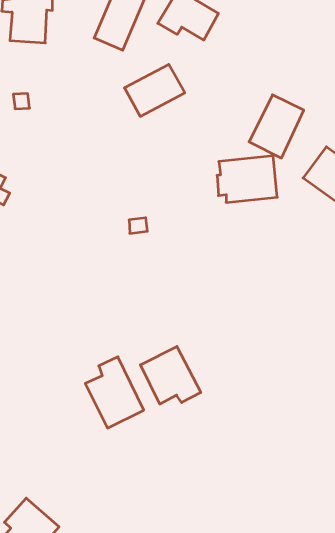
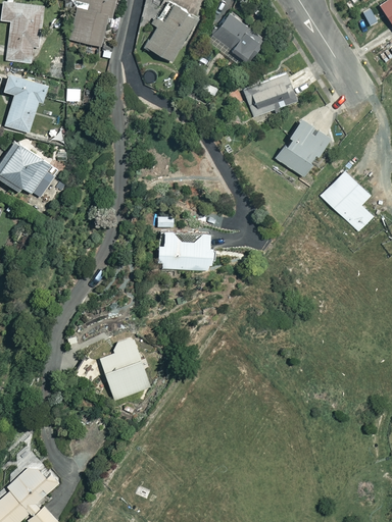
building: [124,64,185,116] -> [243,73,297,117]
building: [217,156,277,202] -> [157,231,211,270]
building: [140,346,201,404] -> none

